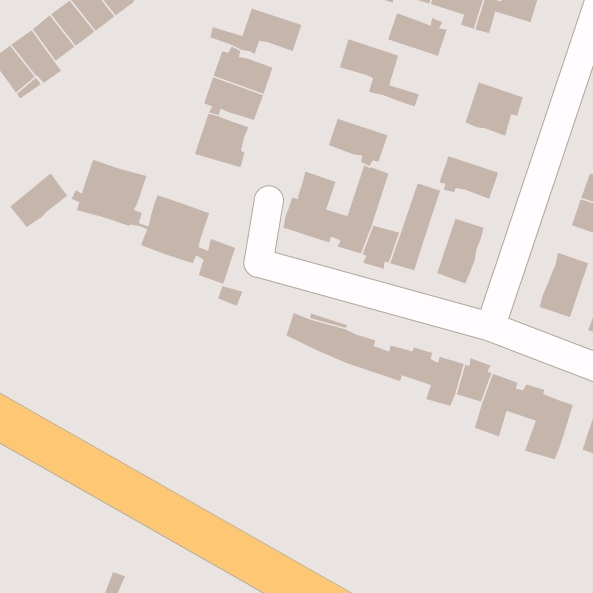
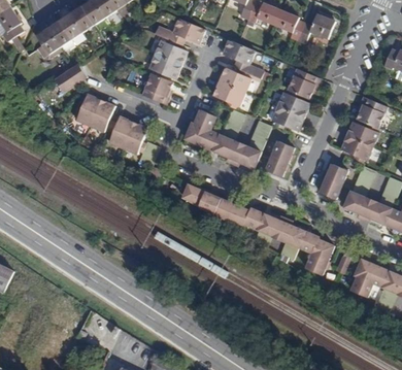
building: [387,12,448,57] -> [220,67,253,93]
building: none -> [277,90,310,117]
building: [9,172,68,228] -> [55,63,87,92]

